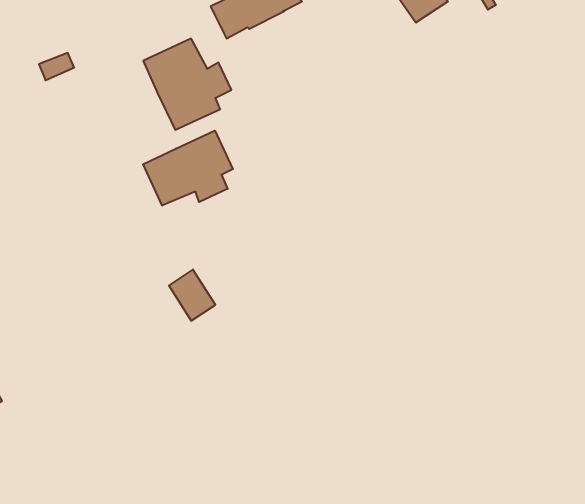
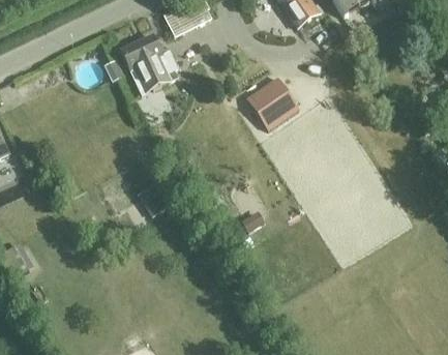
building: none -> [247,78,299,129]
building: [143,131,233,206] -> none

